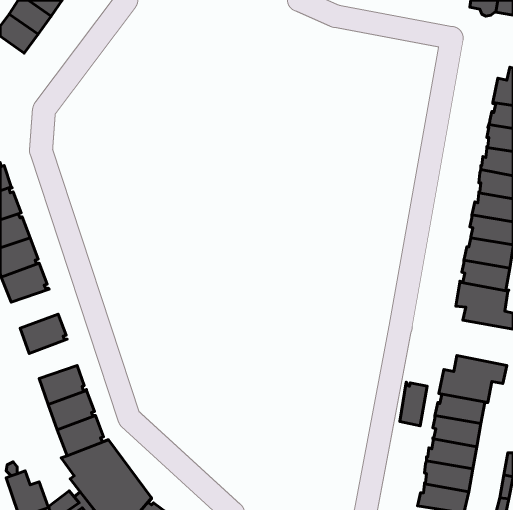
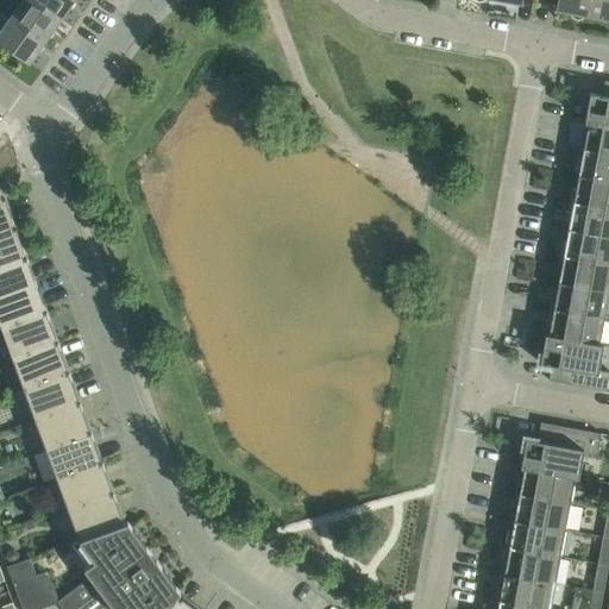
building: none -> [13,346,69,393]
building: none -> [34,406,92,452]
building: [400,382,427,426] -> none

